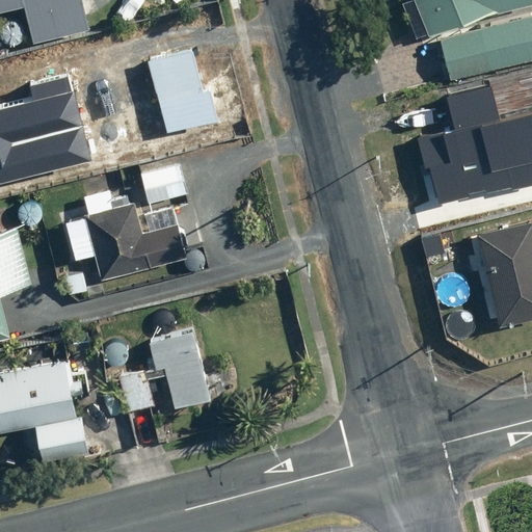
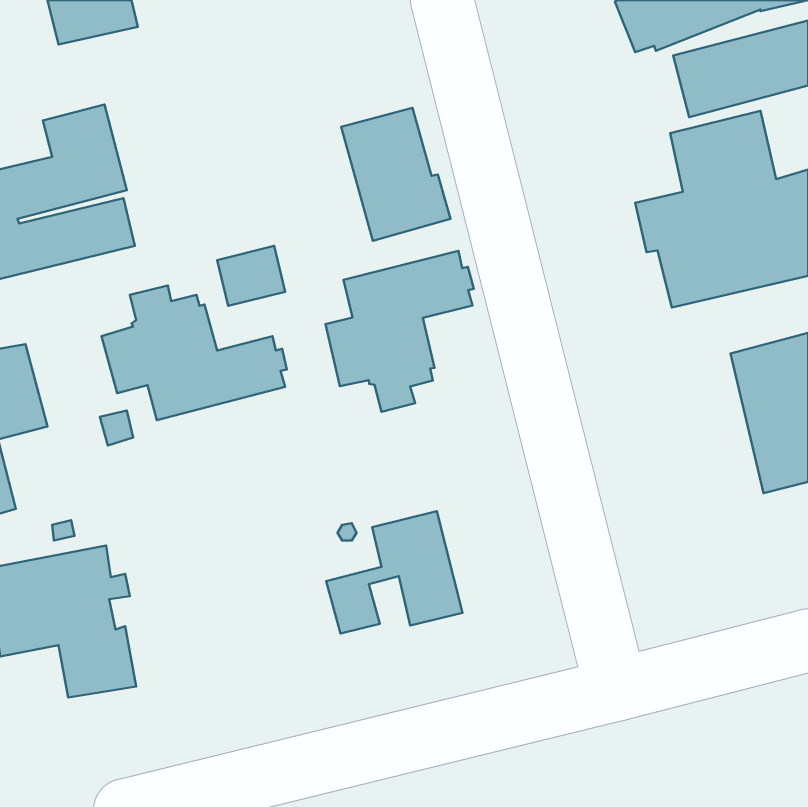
building: [144,52,216,139] -> [341,108,451,241]
building: none -> [325,251,474,412]
building: [121,330,210,410] -> [326,511,462,633]

